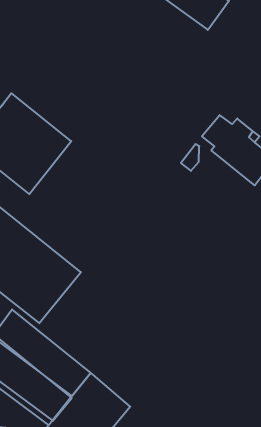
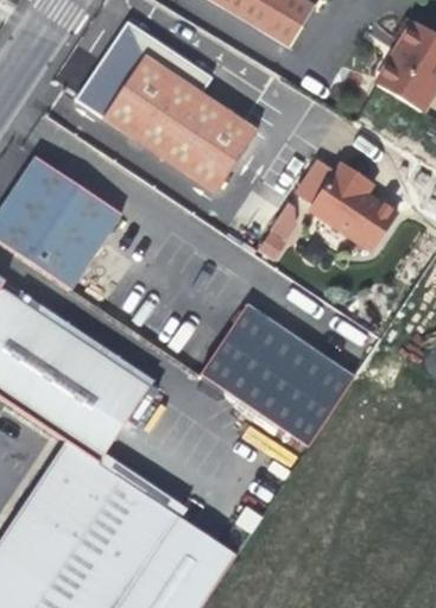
building: none -> [75,27,258,191]
building: none -> [200,304,355,445]

